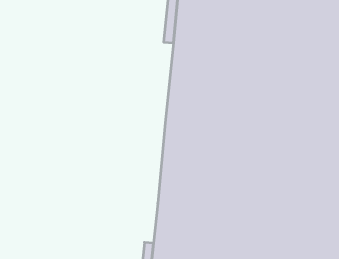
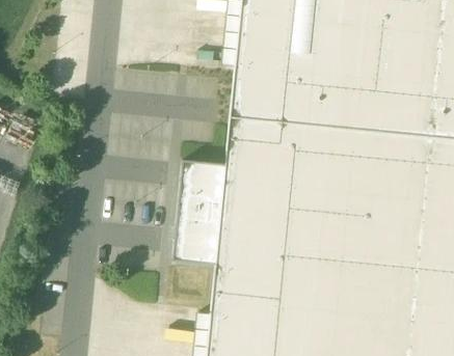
building: none -> [176,162,229,267]

